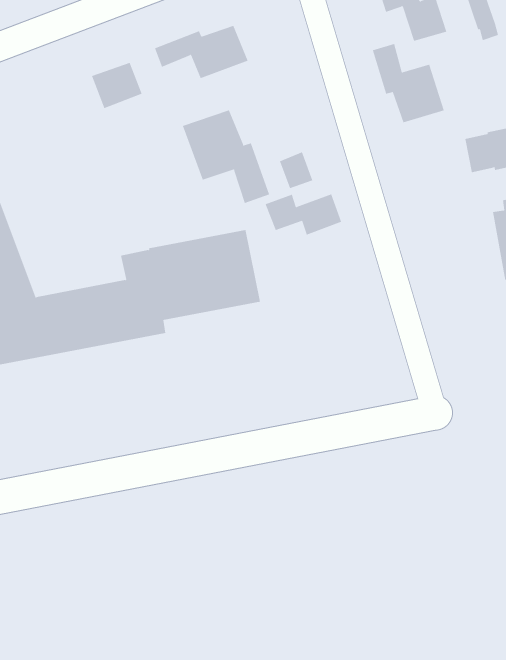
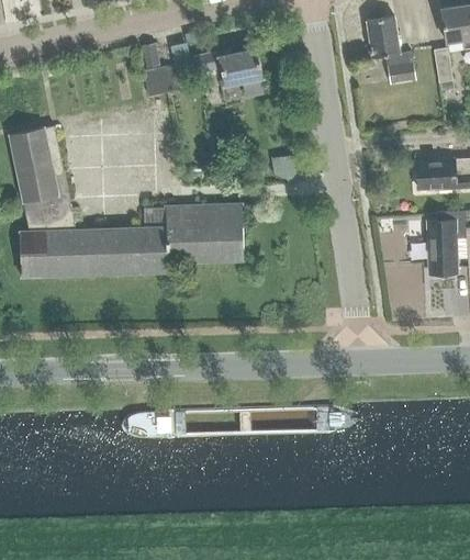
building: [372,43,445,123] -> none
building: [182,109,270,204] -> none
building: [265,194,342,235] -> none

